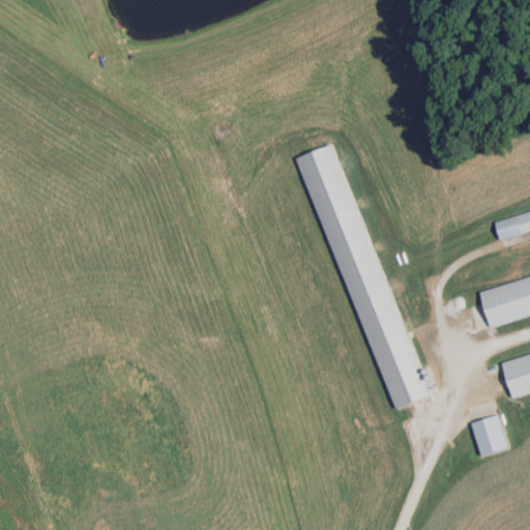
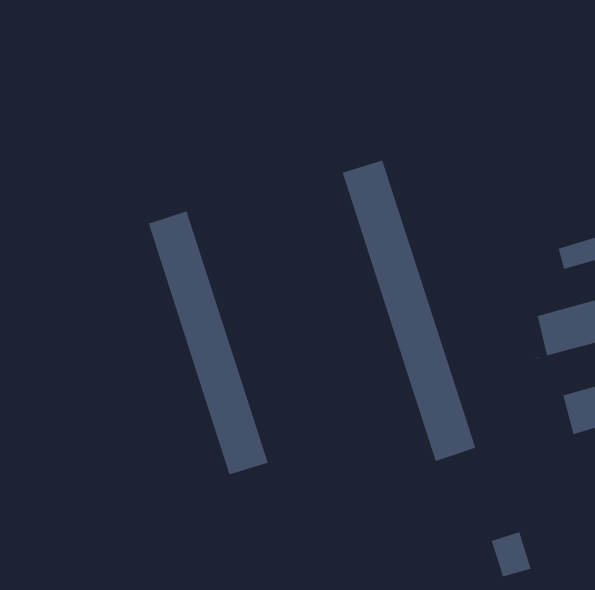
building: none -> [148,210,268,475]
building: [472,419,508,460] -> [491,532,532,577]

